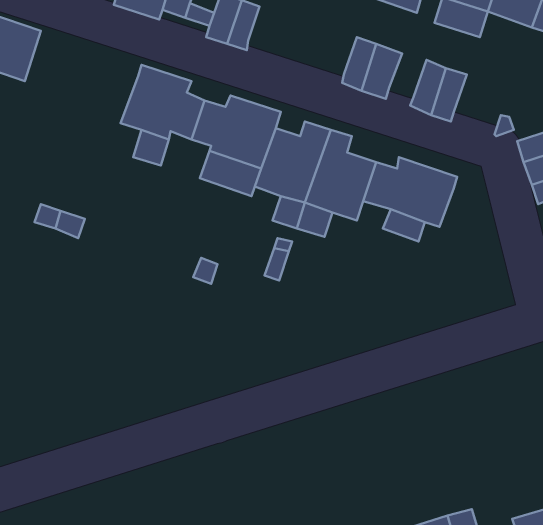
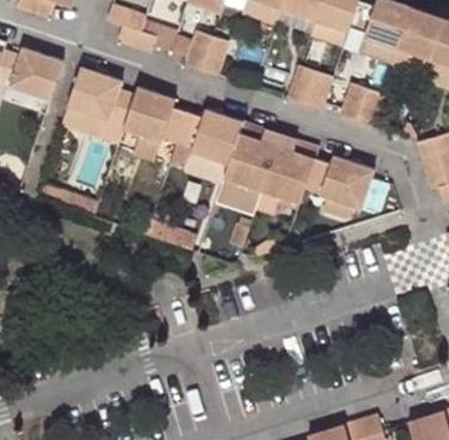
building: none -> [58,66,133,145]

